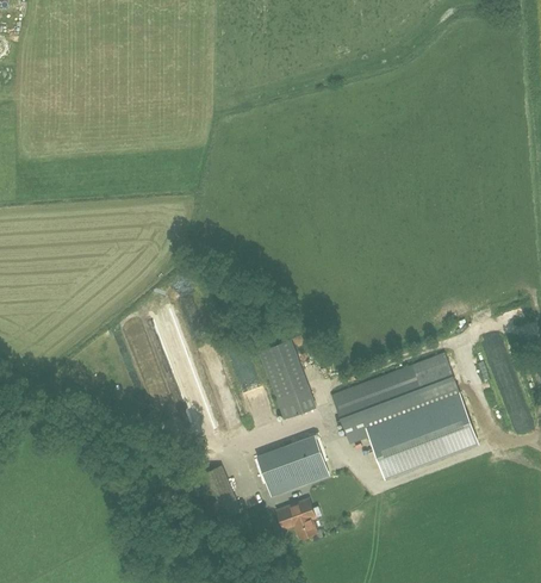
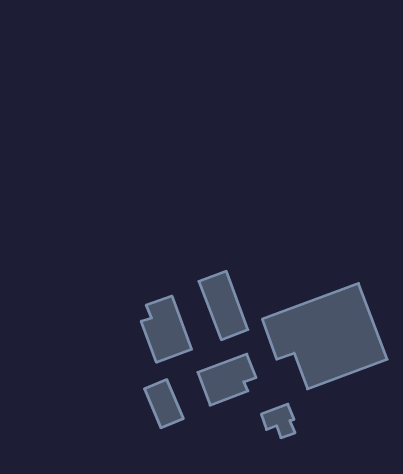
building: none -> [141,296,192,362]
building: [278,498,317,538] -> [261,404,295,438]

